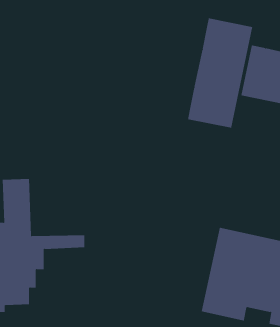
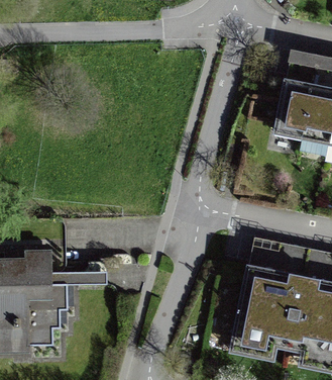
building: [187,18,253,129] -> none

